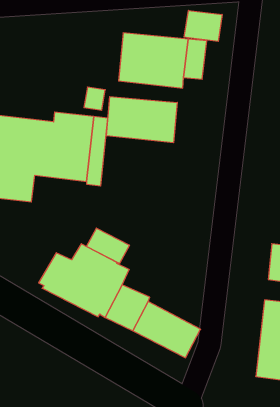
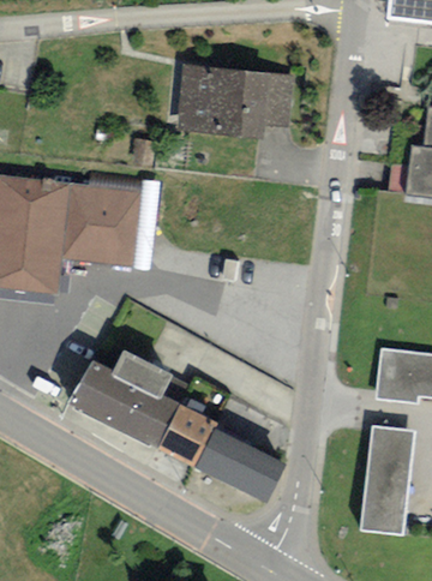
building: [184,10,222,41] -> none
building: [106,97,177,143] -> none
building: [87,228,129,263] -> none

